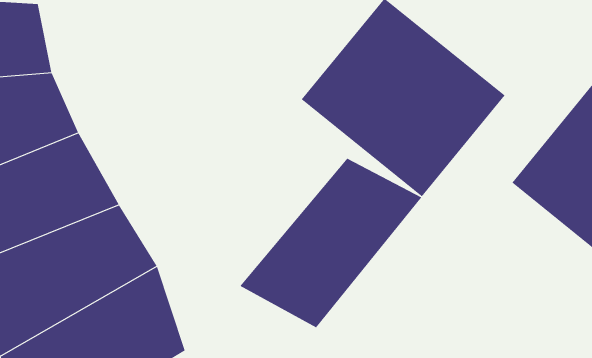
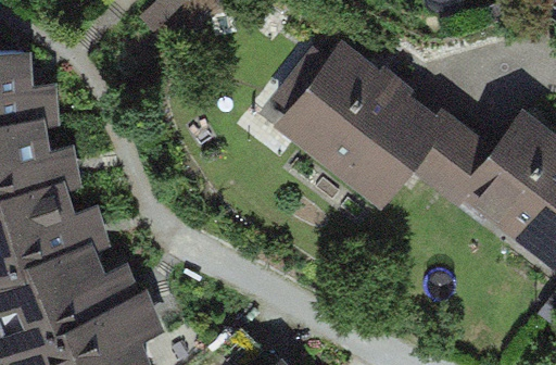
building: [240,158,422,328] -> none

